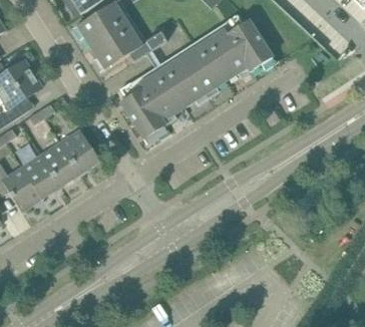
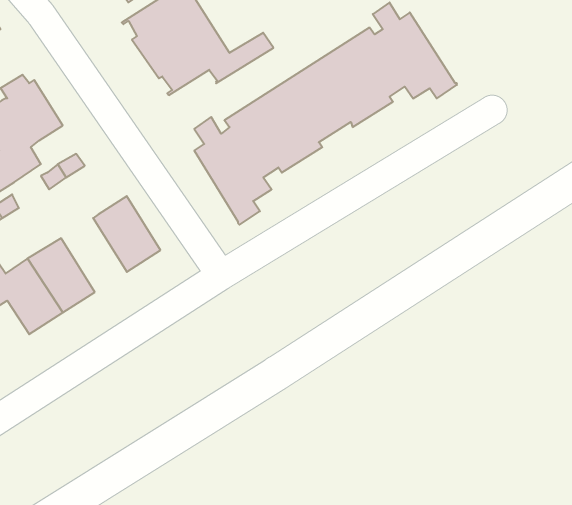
building: [41,142,80,187] -> none

